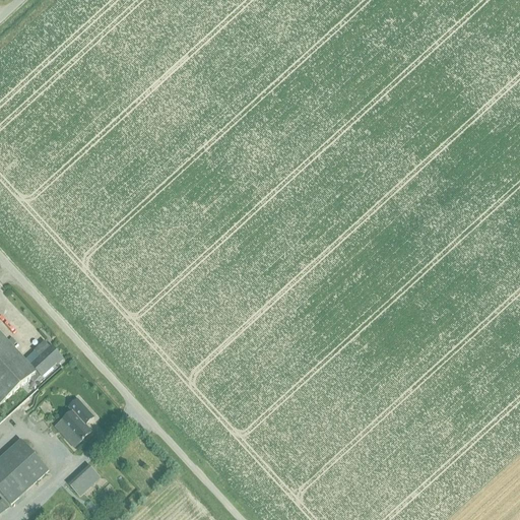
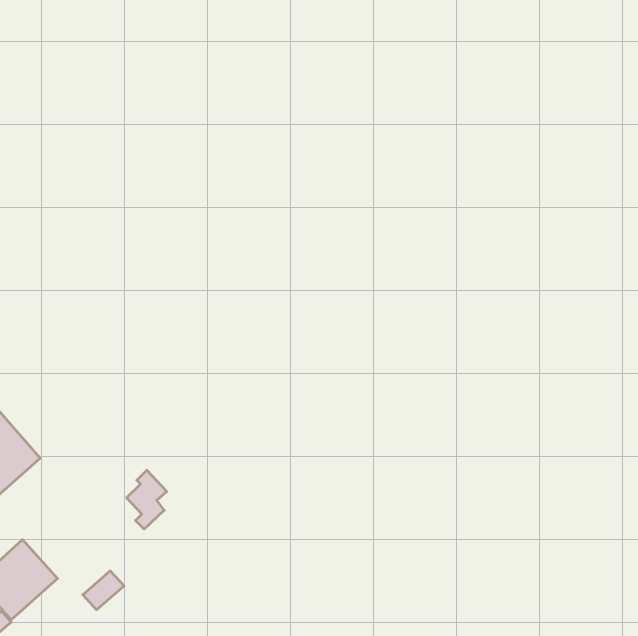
building: [23,339,60,376] -> none
building: [59,398,91,446] -> [127,470,167,529]

